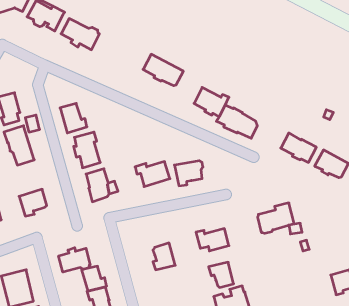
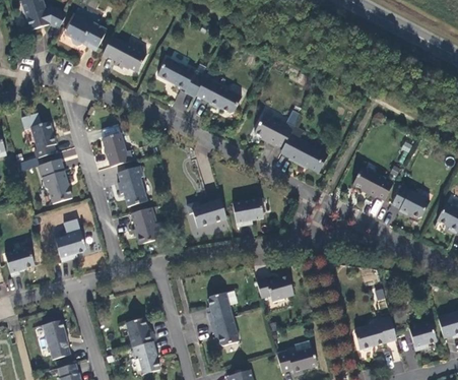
building: none -> [157,56,206,96]
building: [258,203,294,233] -> [354,315,396,350]
building: [59,248,90,272] -> none
building: [209,262,234,287] -> [210,316,239,344]

